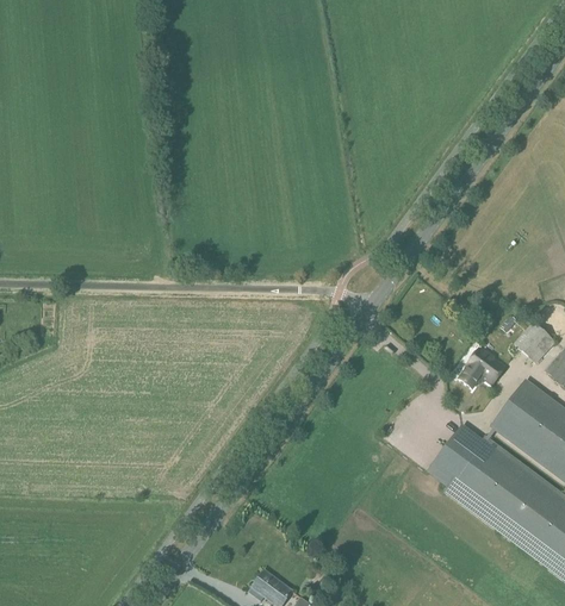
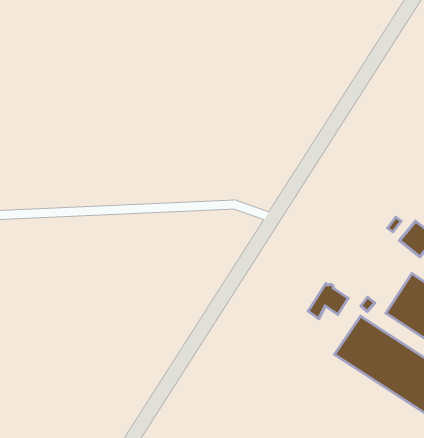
building: [458,345,505,386] -> [308,283,348,319]

